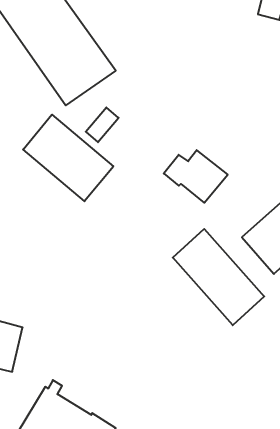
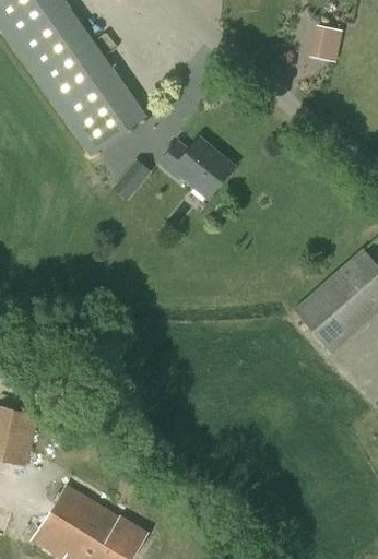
building: [23,115,113,201] -> none
building: [164,150,228,203] -> [161,136,235,198]
building: [173,229,264,325] -> none

